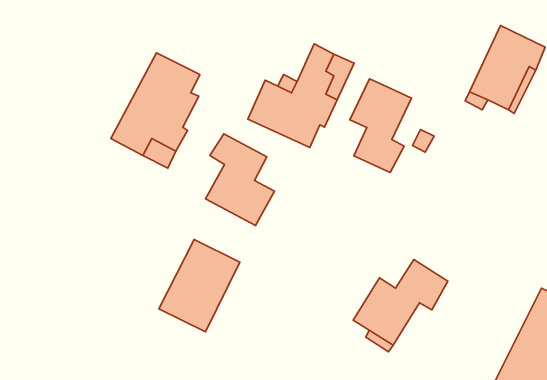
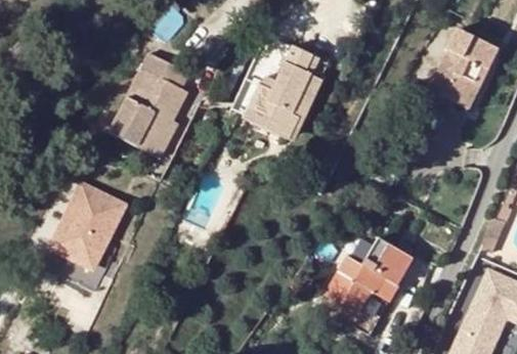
building: [350,79,411,173] -> none
building: [206,134,275,226] -> none
building: [159,239,240,332] -> [49,183,122,266]

